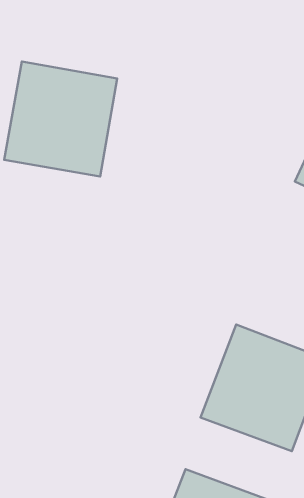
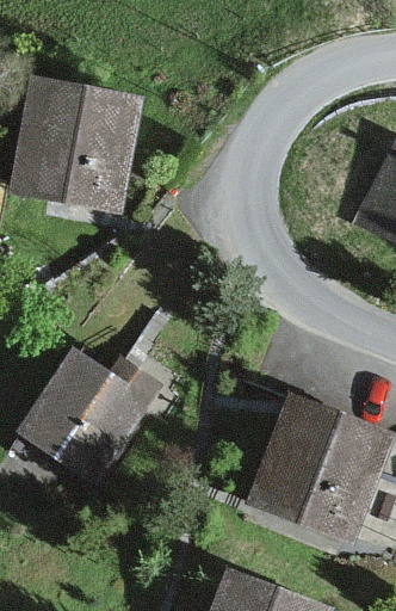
building: none -> [17,347,166,486]

